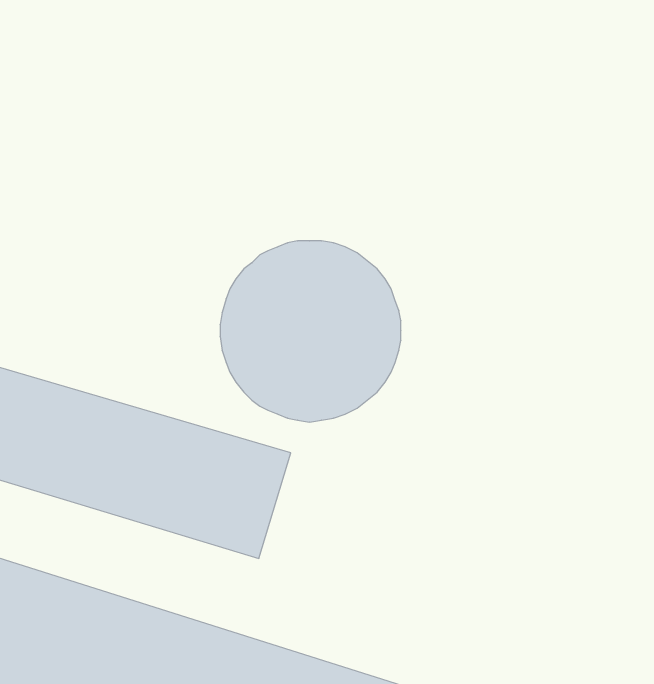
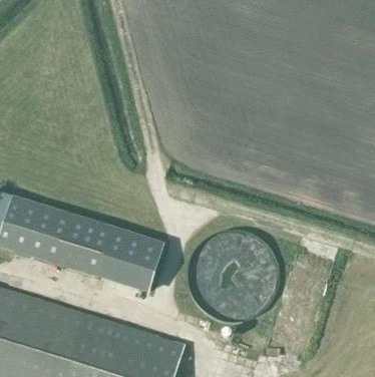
building: [220,241,401,422] -> [183,229,275,320]

